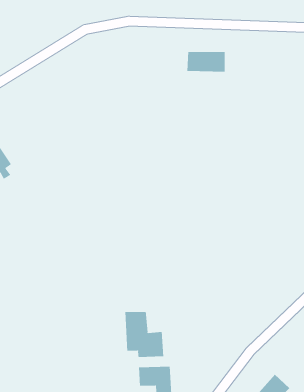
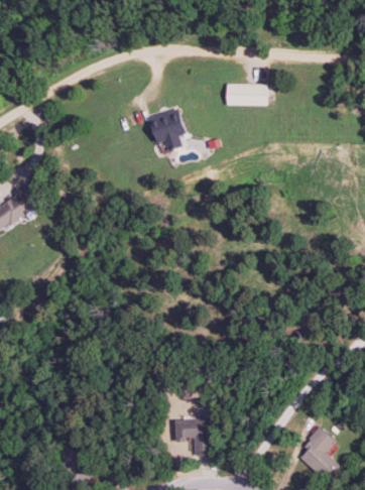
building: none -> [148,108,185,151]
building: [125,311,164,358] -> none

